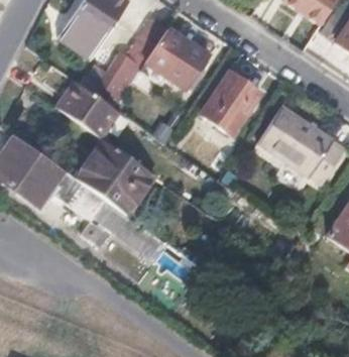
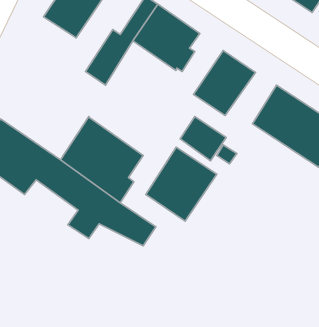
building: [56,78,120,135] -> none
building: none -> [146,147,217,221]

